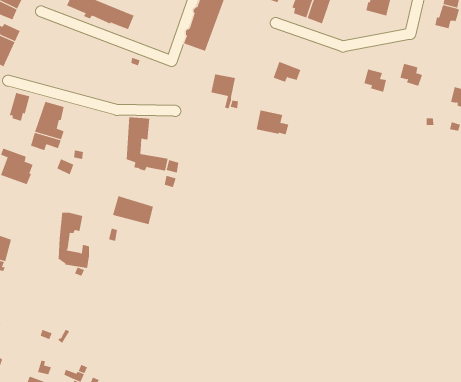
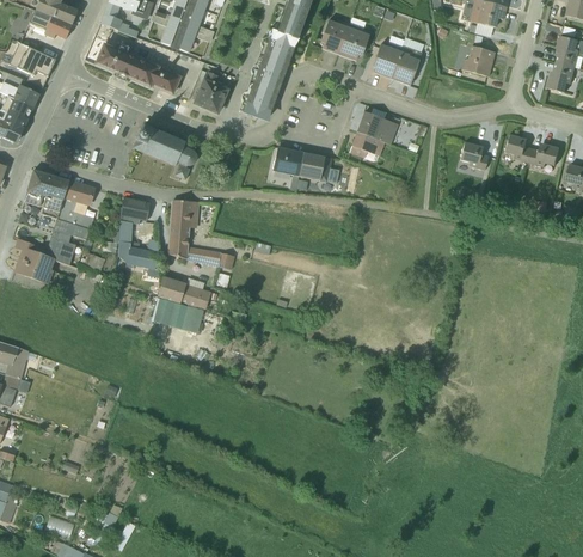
building: none -> [194,72,227,114]
building: none -> [356,111,398,145]
building: none -> [133,124,196,179]
building: none -> [528,142,560,166]
building: none -> [41,175,69,219]
building: [256,110,289,135] -> [299,152,339,183]
building: none -> [45,235,75,264]
building: none -> [158,275,211,310]
building: [58,212,90,269] -> [118,198,158,268]

